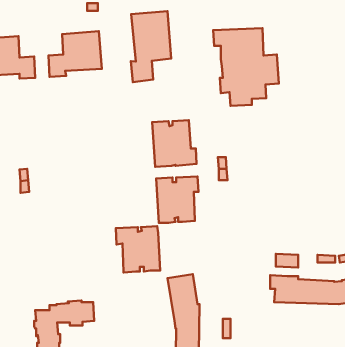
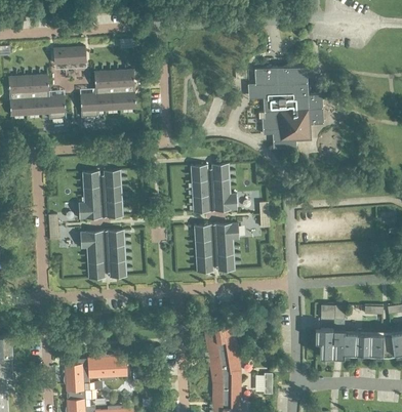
building: none -> [53,47,86,65]
building: [131,11,171,82] -> none
building: none -> [78,170,123,220]
building: [116,226,160,273] -> [80,231,127,280]

